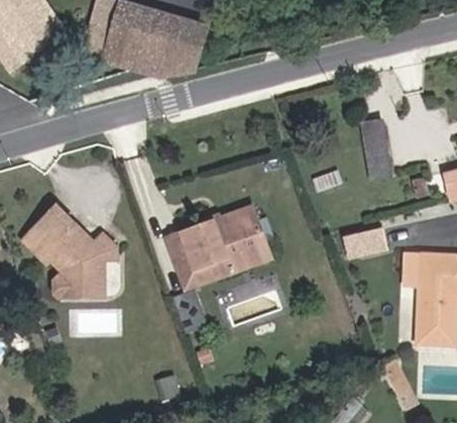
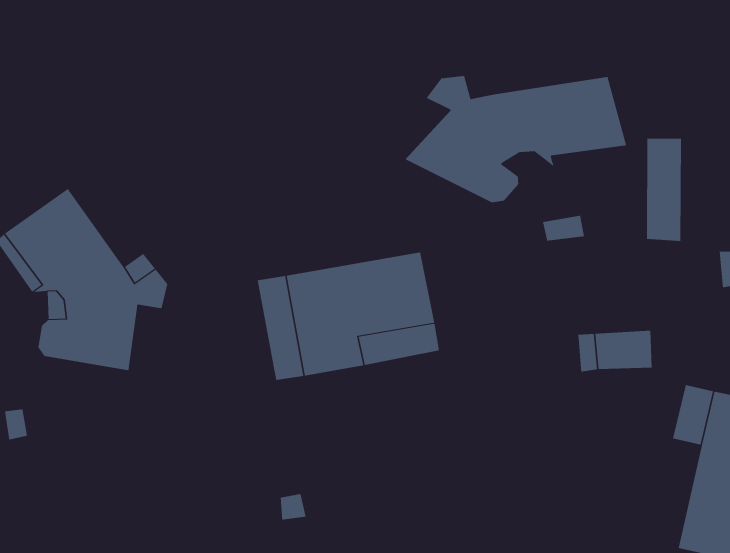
building: none -> [404,75,627,203]

